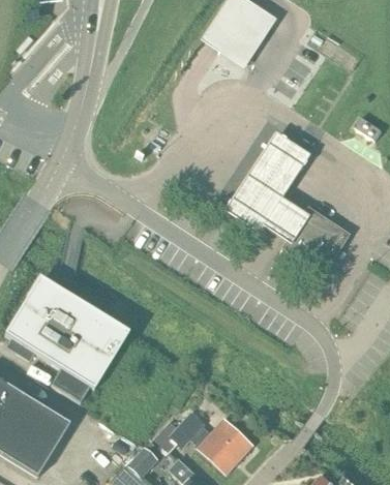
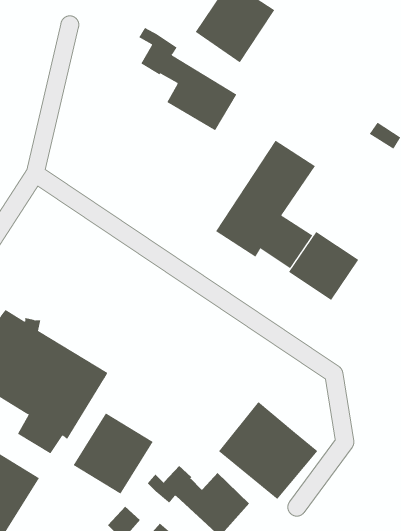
building: none -> [138,27,237,131]
building: none -> [218,401,318,500]
building: none -> [73,413,153,495]

